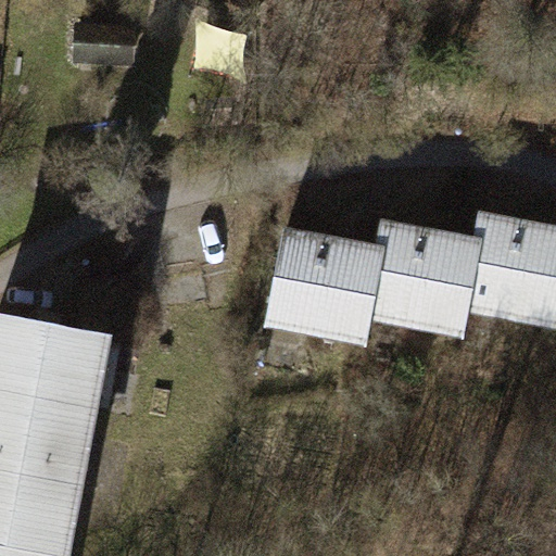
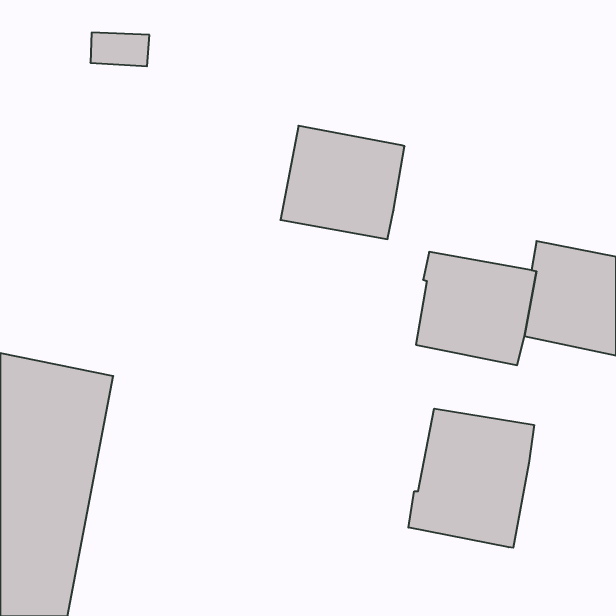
building: [273,235,384,337] -> [280,126,405,239]
building: none -> [408,409,534,548]

